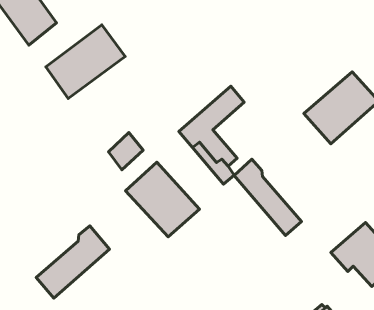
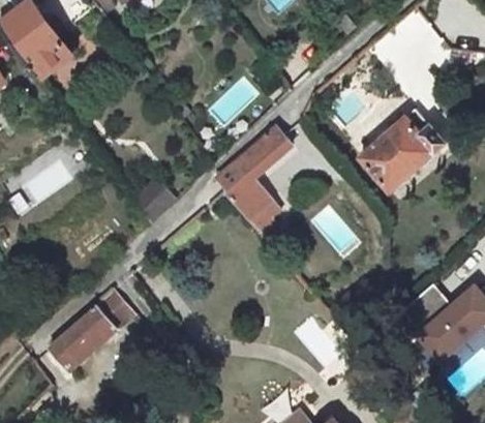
building: [46,25,125,98] -> none
building: [234,159,302,236] -> none
building: [125,162,199,237] -> none

